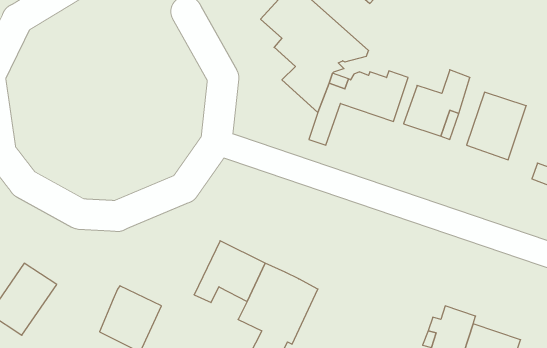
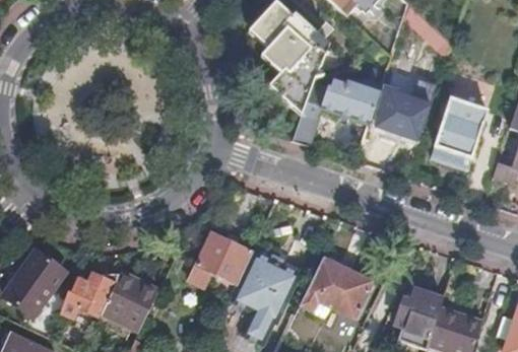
building: none -> [300,258,371,318]
building: none -> [61,273,119,318]

